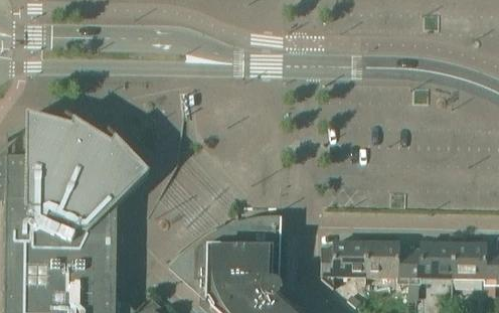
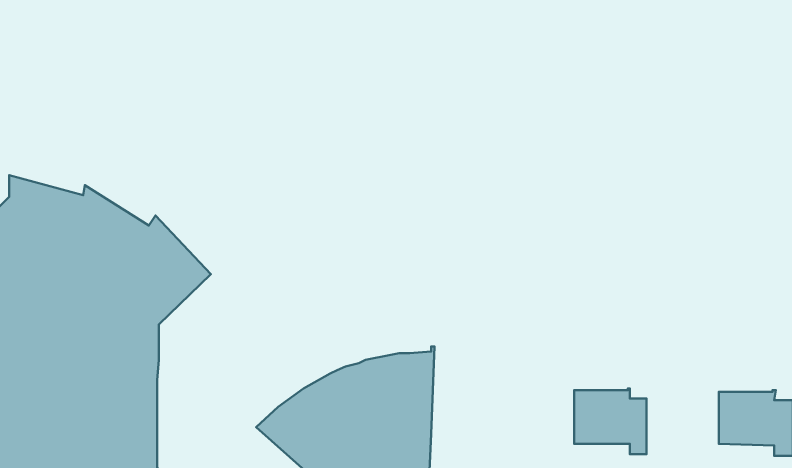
building: [323,243,367,287] -> none
building: [410,244,454,283] -> none

